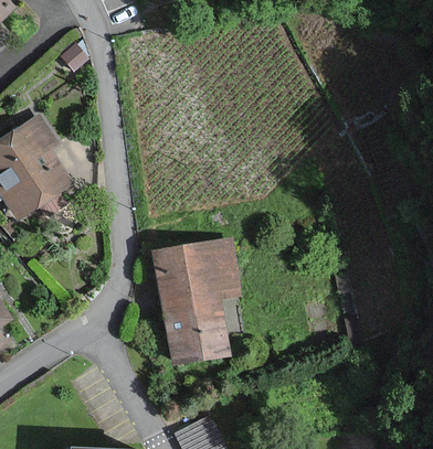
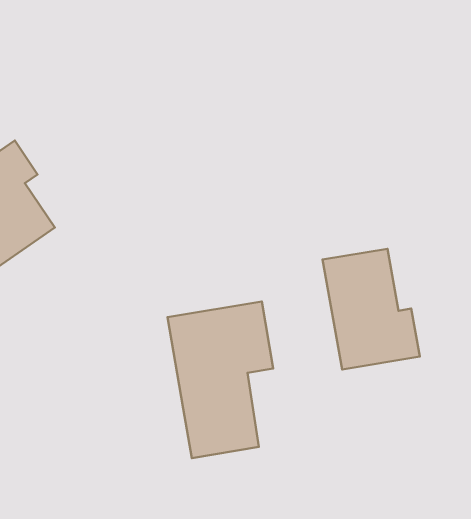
building: none -> [322,249,420,370]

